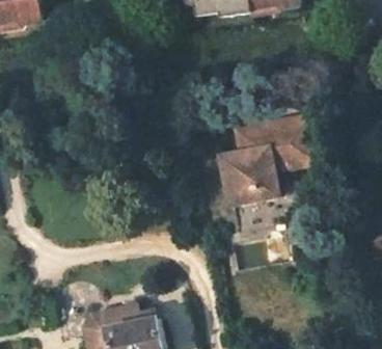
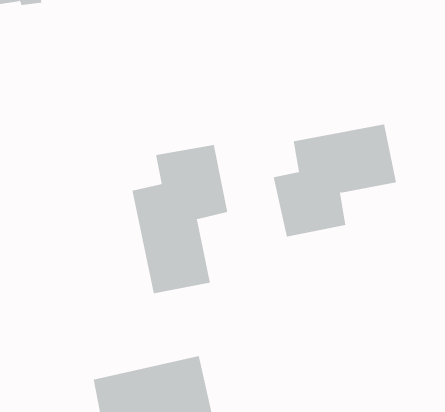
building: none -> [132,144,228,294]

